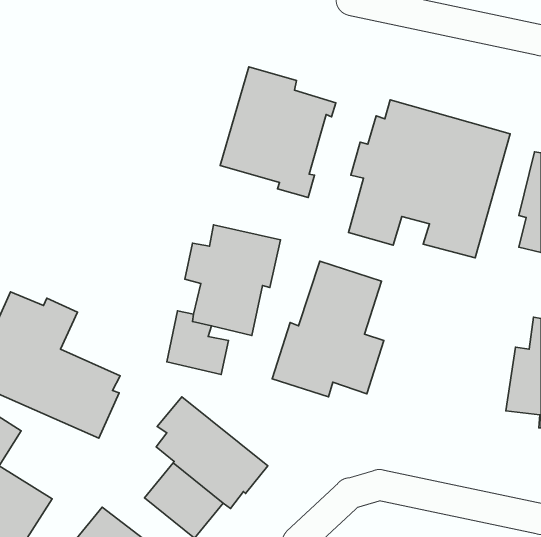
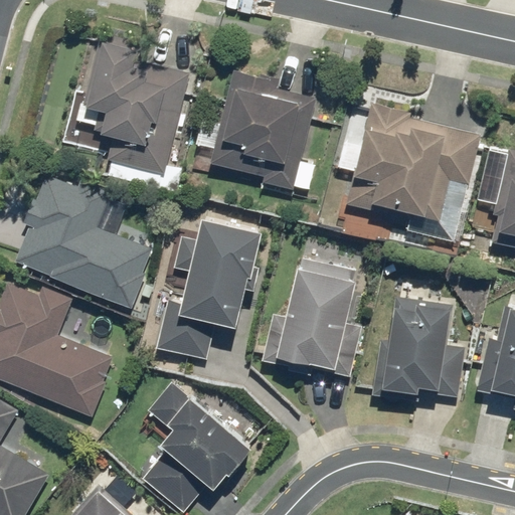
building: none -> [79,29,197,177]
building: none -> [15,175,159,306]
building: none -> [368,297,453,402]

